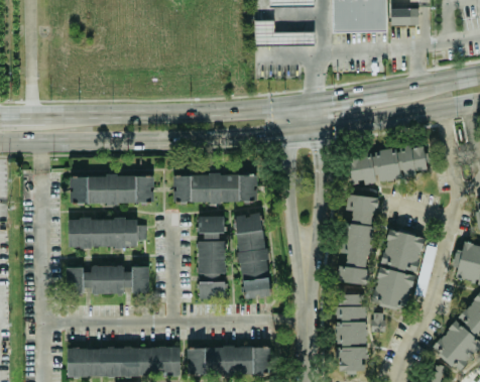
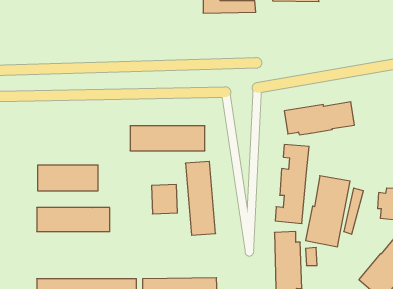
building: [70,174,153,203] -> none
building: [197,215,224,233] -> none
building: [198,281,230,298] -> none

